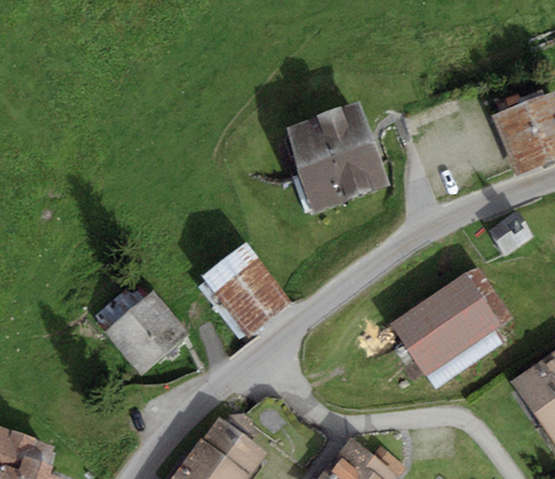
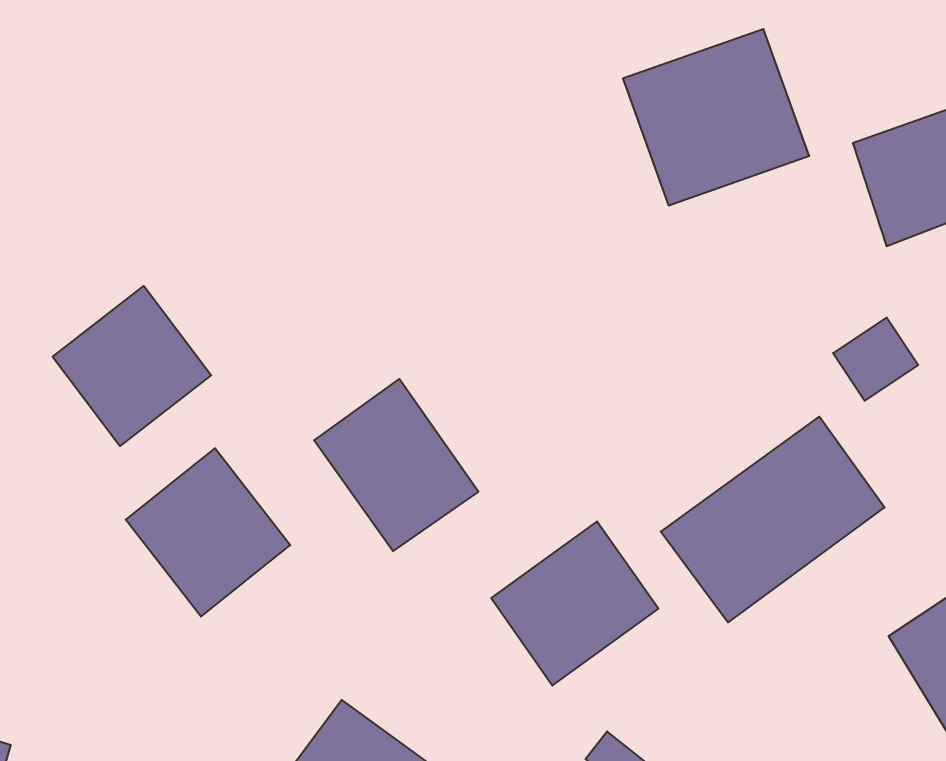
building: [285,115,387,211] -> [623,29,809,205]
building: none -> [53,286,211,446]
building: none -> [491,521,658,686]

